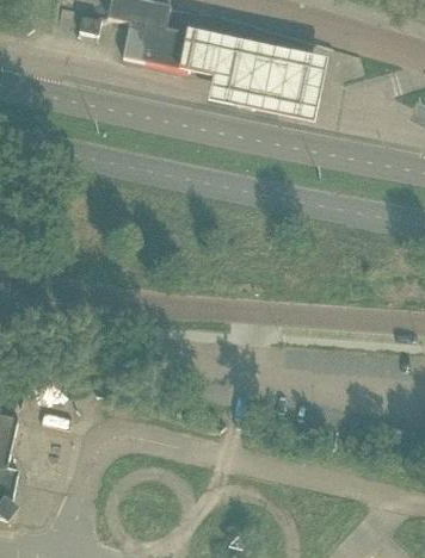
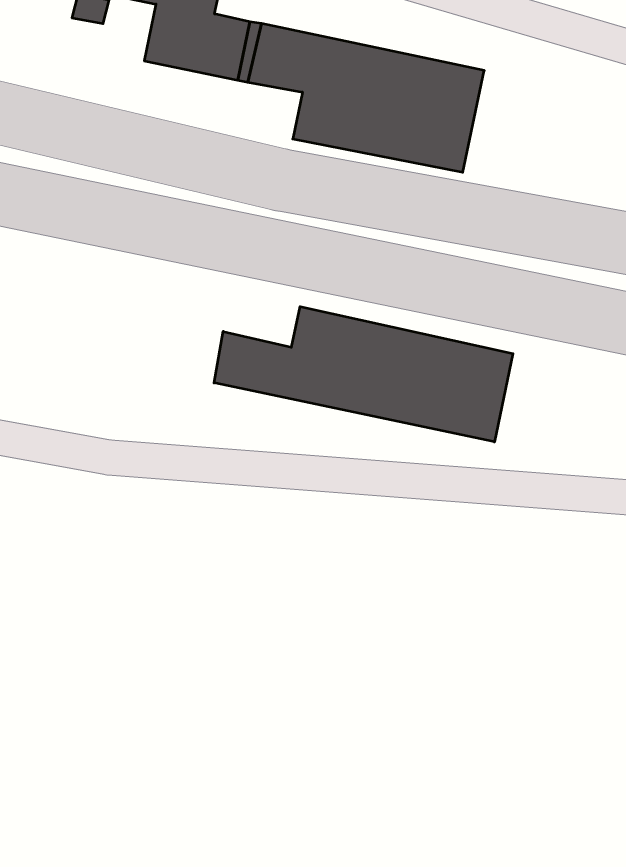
building: none -> [214,307,513,442]

